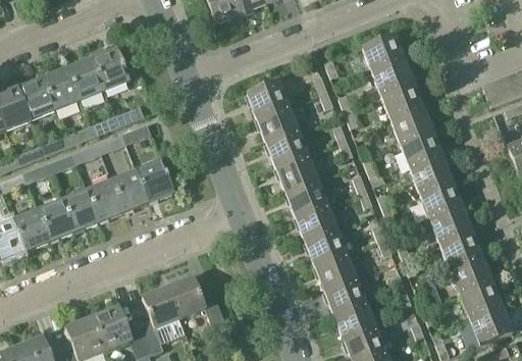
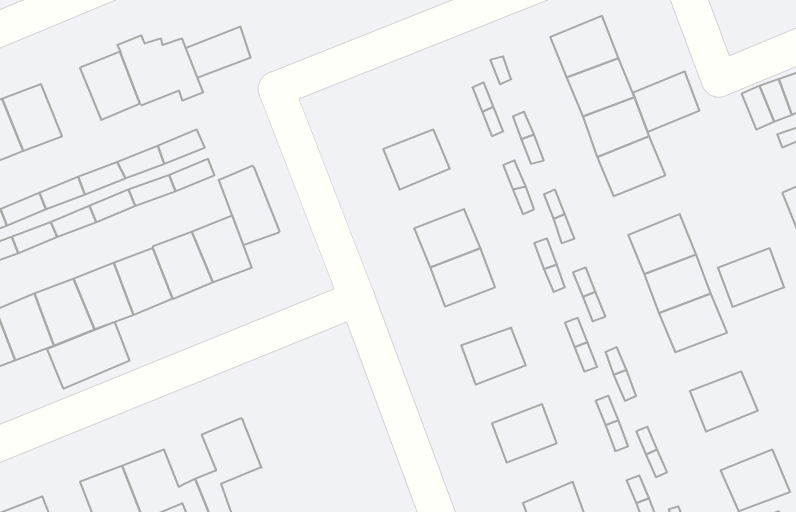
building: none -> [186,26,251,78]
building: [42,66,80,109] -> none
building: [247,80,289,117] -> none
building: none -> [219,166,279,245]
building: [267,130,308,167] -> none
building: [402,134,443,171] -> [633,72,699,132]
building: [296,204,337,241] -> none
building: none -> [47,322,129,389]
building: [440,233,482,269] -> [718,248,784,307]
building: [315,253,357,290] -> none
building: [168,276,226,329] -> none
building: [460,281,502,319] -> none
building: [334,302,376,340] -> none

